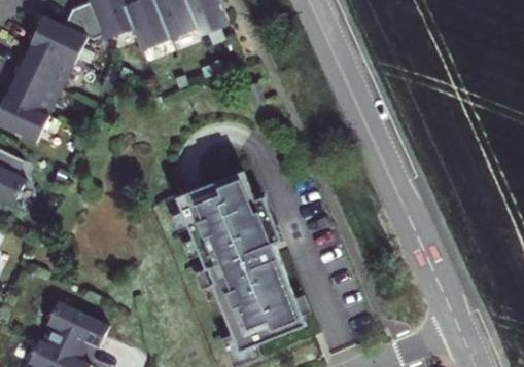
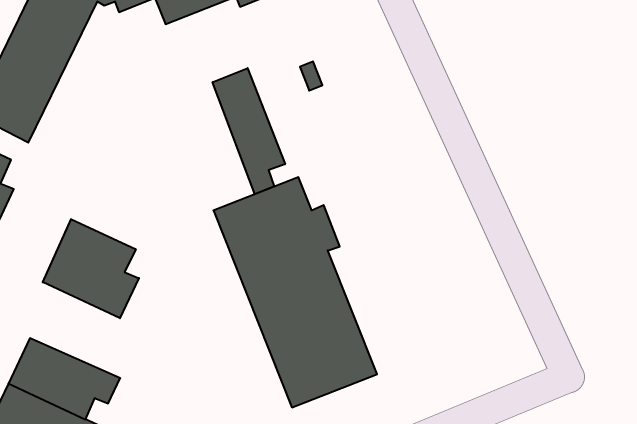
building: none -> [213,68,285,194]
building: none -> [43,219,139,318]

